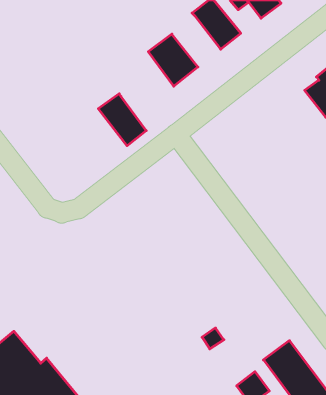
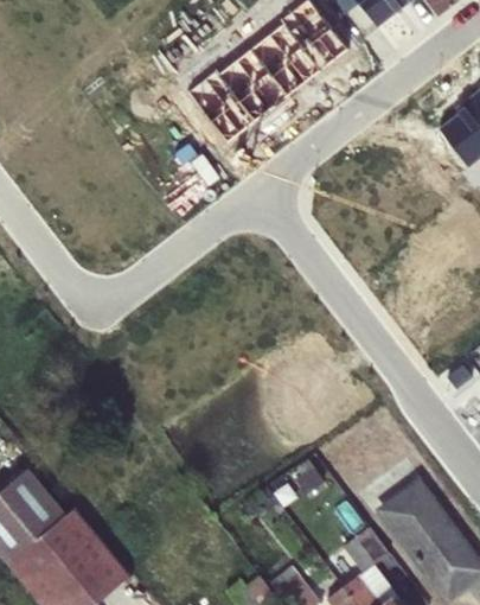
building: none -> [251,23,320,95]
building: [98,94,146,146] -> [186,70,254,144]

